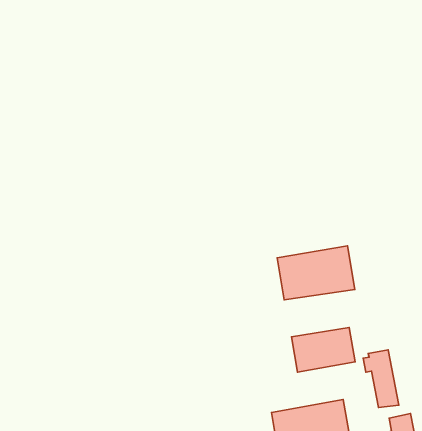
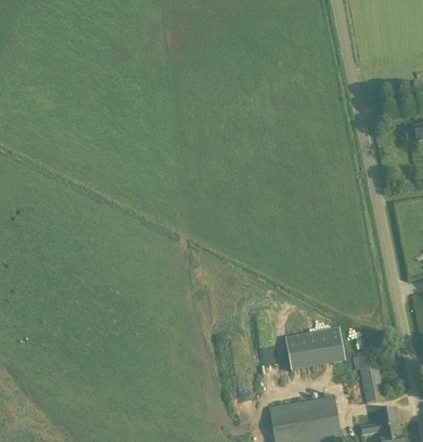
building: [277,246,355,300] -> none

